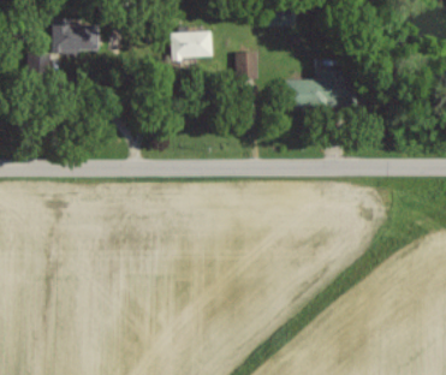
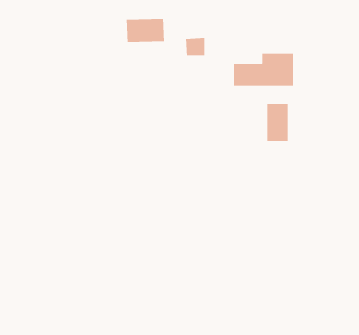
building: [50,23,96,52] -> none
building: none -> [267,103,288,142]

